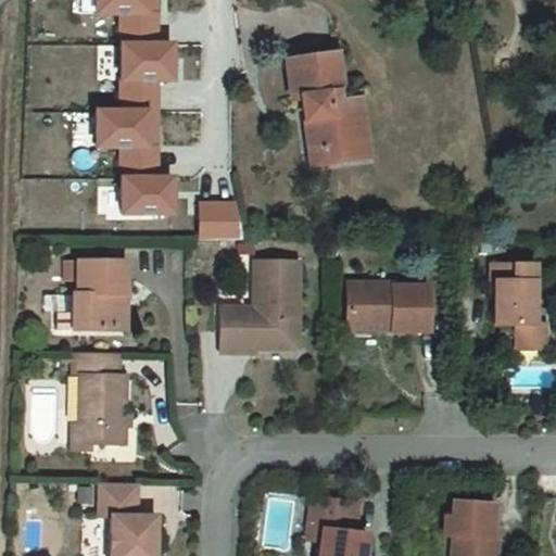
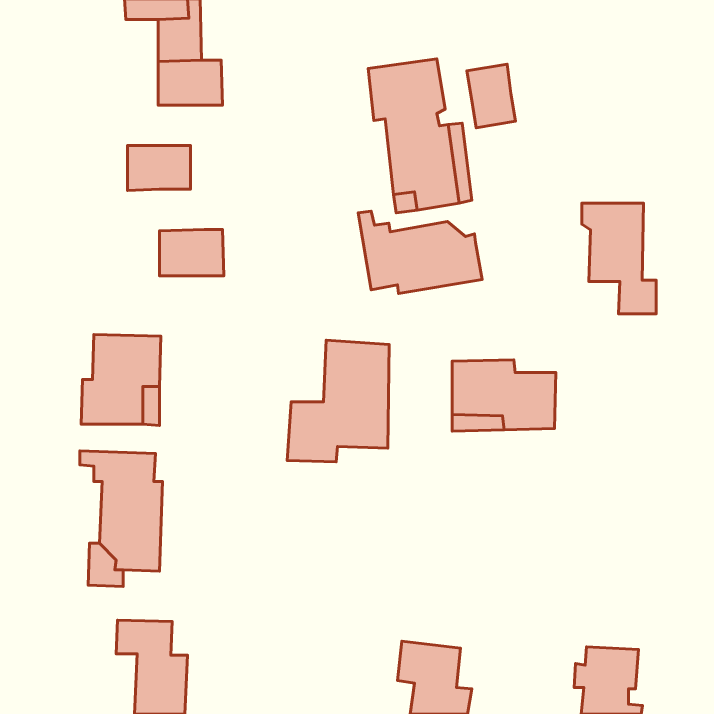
building: none -> [467,64,515,128]
building: [124,81,160,179] -> none
building: none -> [358,211,482,293]
building: [203,205,243,238] -> none
building: [489,264,546,350] -> [582,203,656,314]

